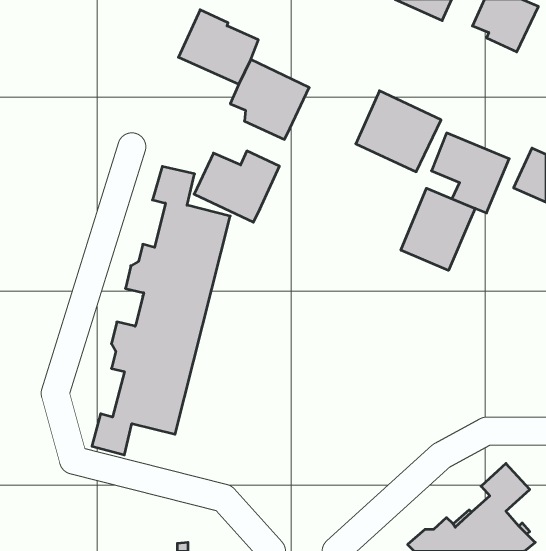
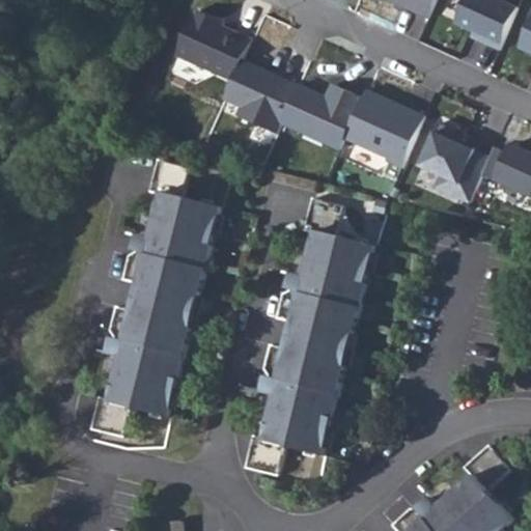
building: [194,151,279,222] -> [278,82,360,150]
building: [401,188,475,270] -> none
building: none -> [243,198,375,476]

